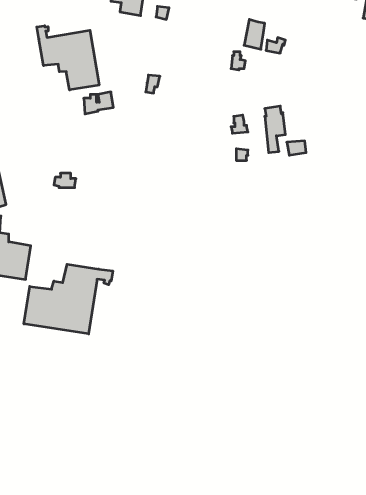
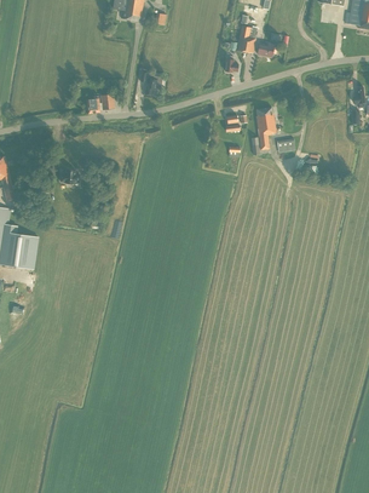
building: [37,26,99,90] -> none
building: [24,264,113,334] -> none

